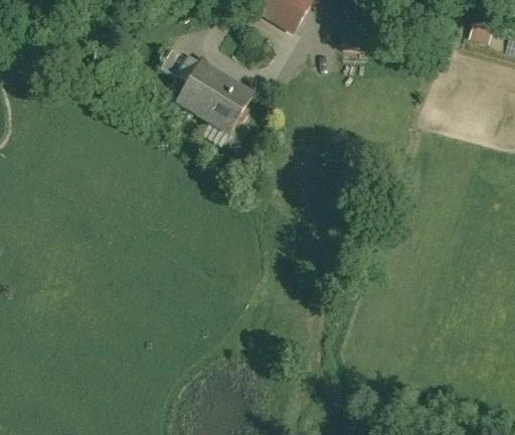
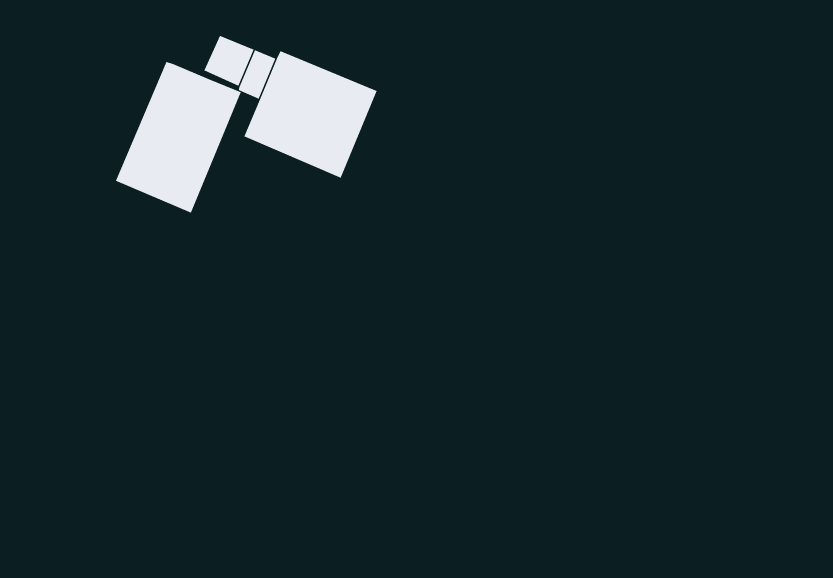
building: none -> [115,61,241,213]

